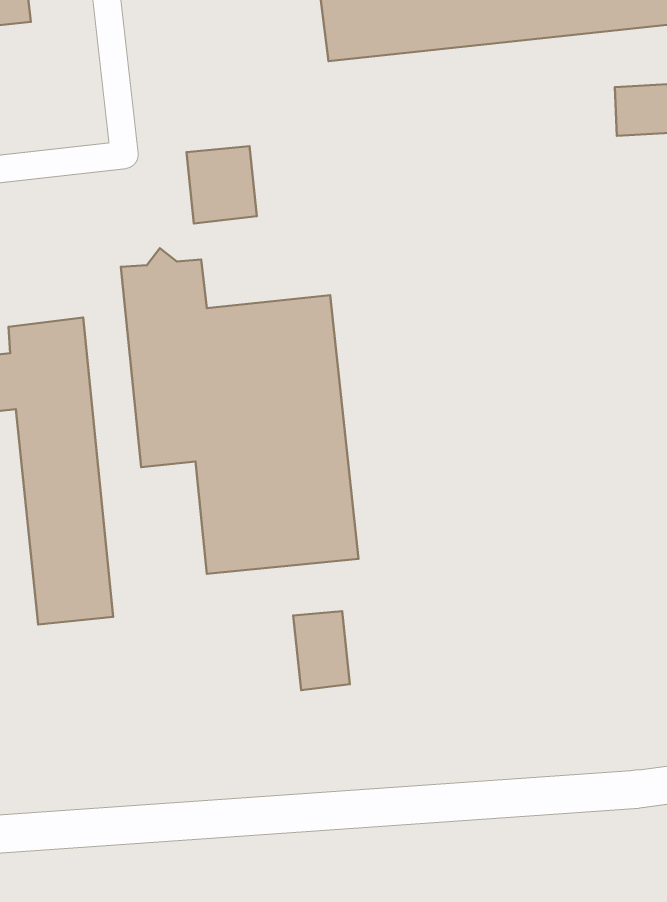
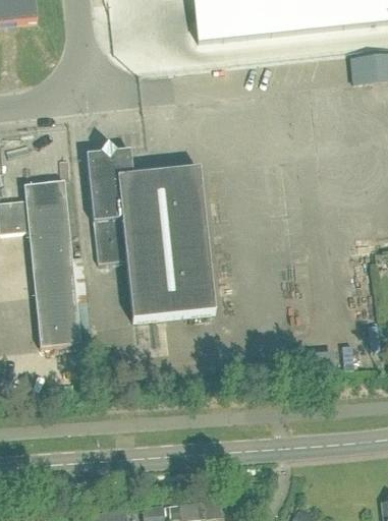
building: [186,146,257,223] -> none
building: [293,611,350,690] -> none

